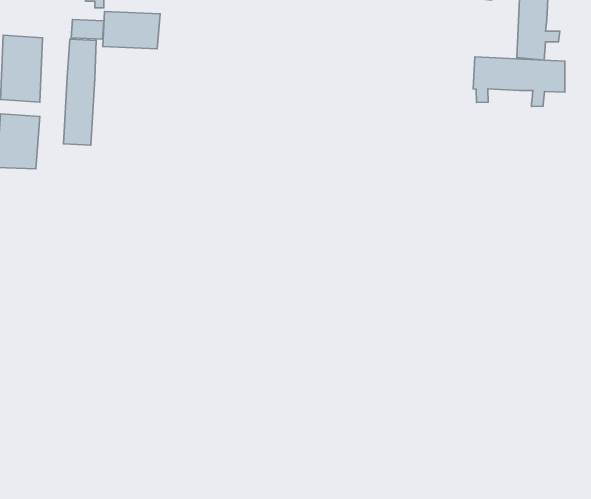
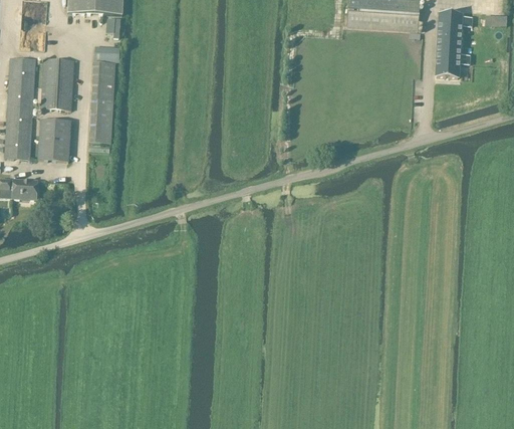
building: [103,12,160,49] -> none
building: [473,57,565,106] -> none

